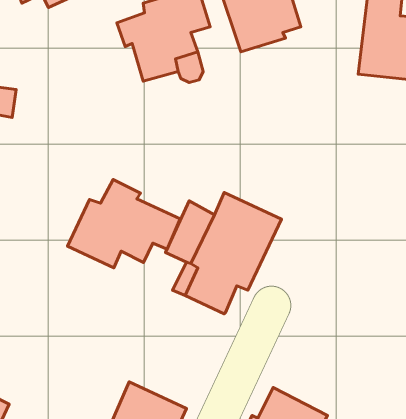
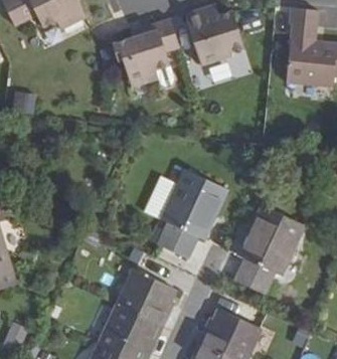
building: [67,179,180,268] -> none
building: none -> [235,203,306,290]
building: none -> [119,268,177,325]

